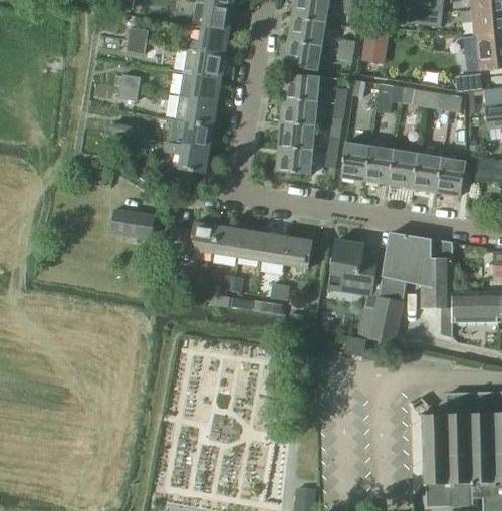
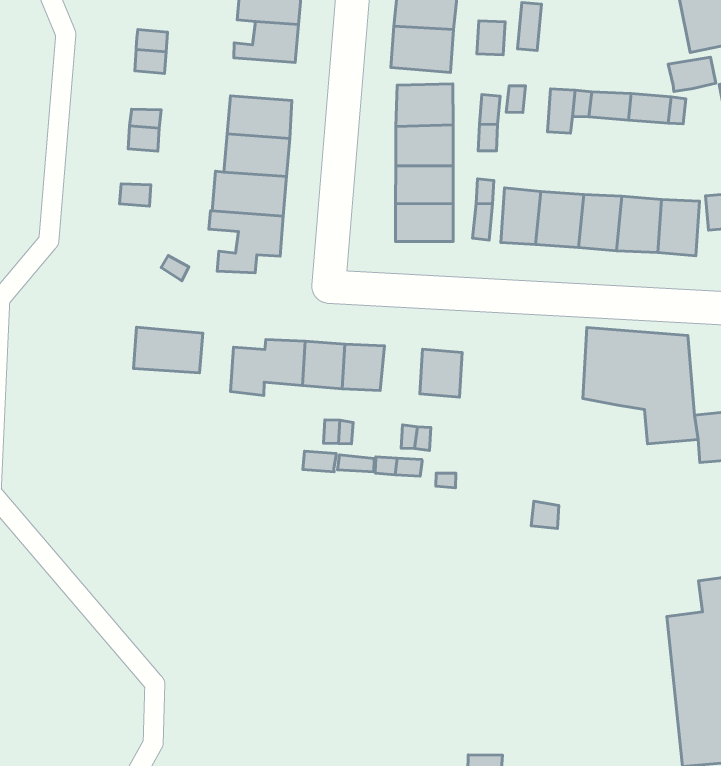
building: [184,49,225,78] -> none
building: [260,233,288,264] -> none
building: [327,239,405,342] -> none

